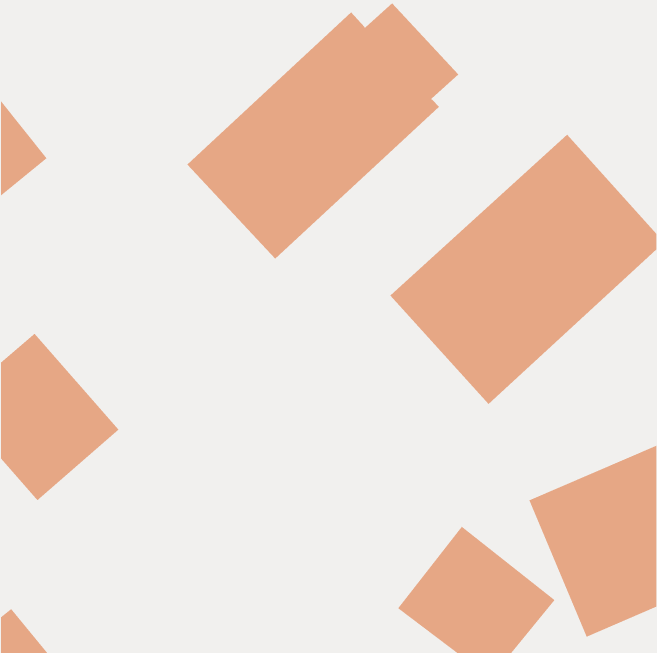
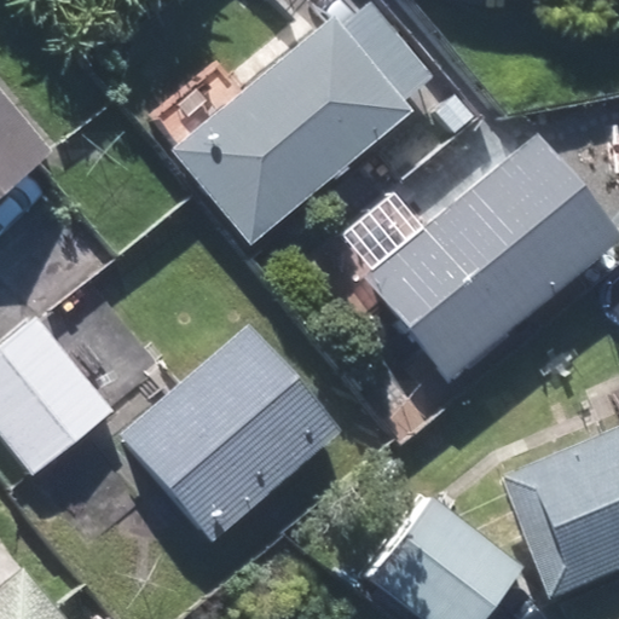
building: none -> [115,318,339,538]

